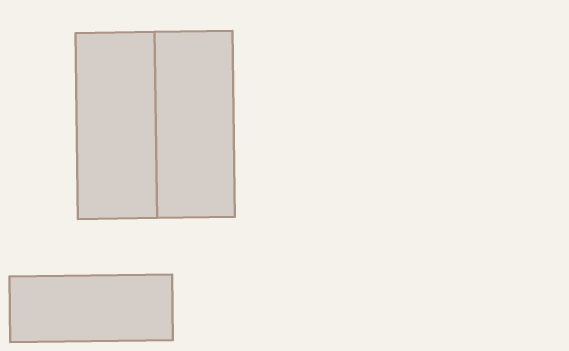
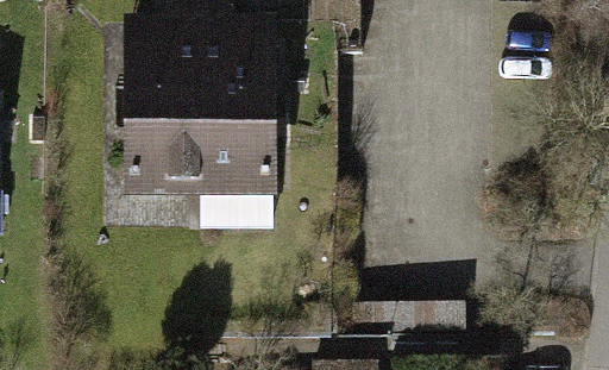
building: [10,274,173,342] -> none

